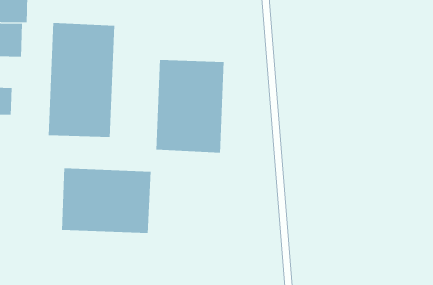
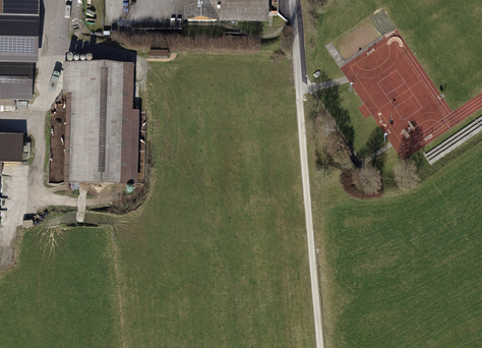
building: [156,59,224,154] -> none
building: [61,168,152,234] -> none

